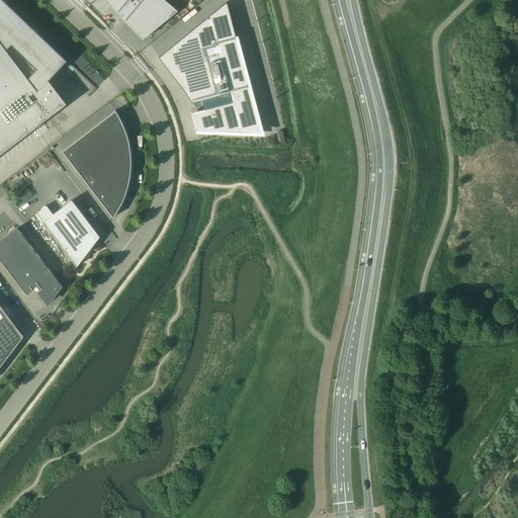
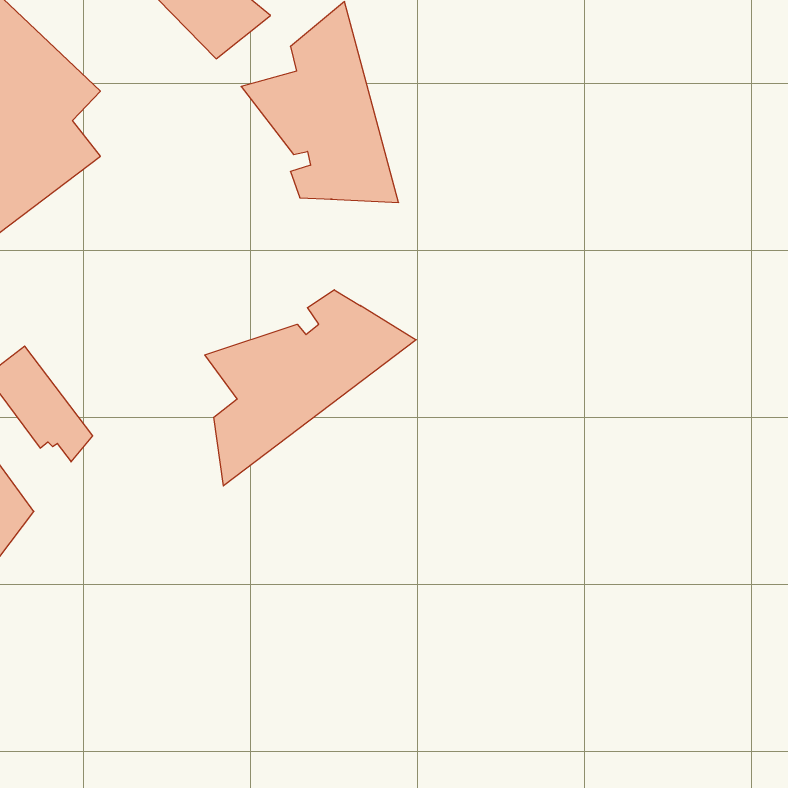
building: [62,109,130,217] -> none
building: none -> [205,290,416,486]
building: [41,198,99,265] -> none

